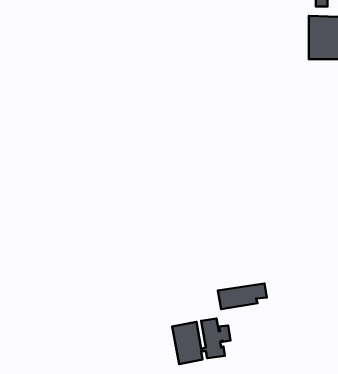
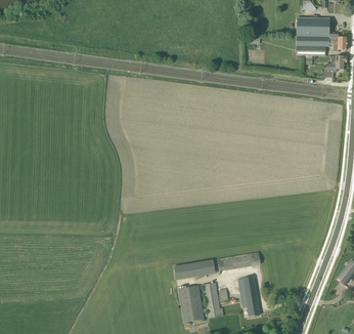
building: none -> [173,258,215,279]
building: none -> [237,277,259,317]

